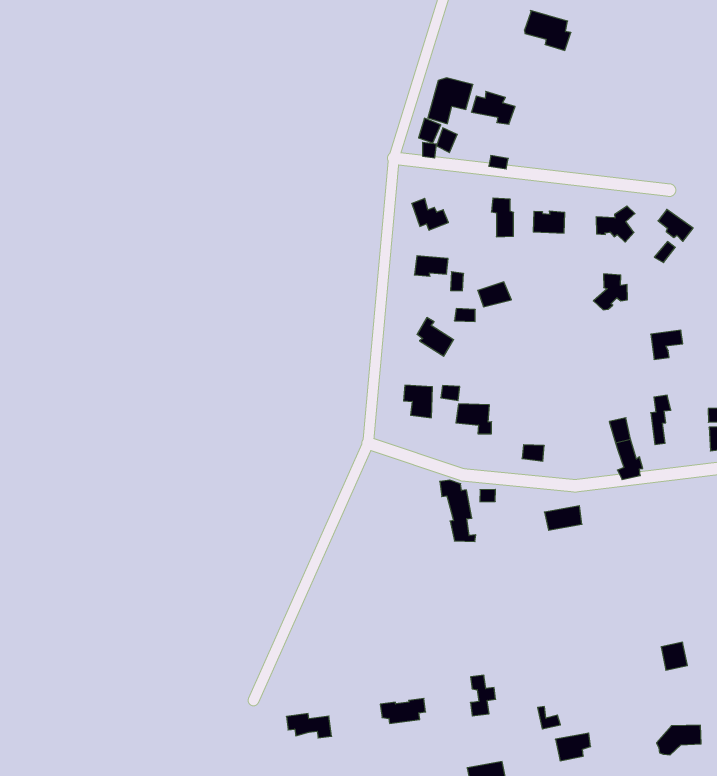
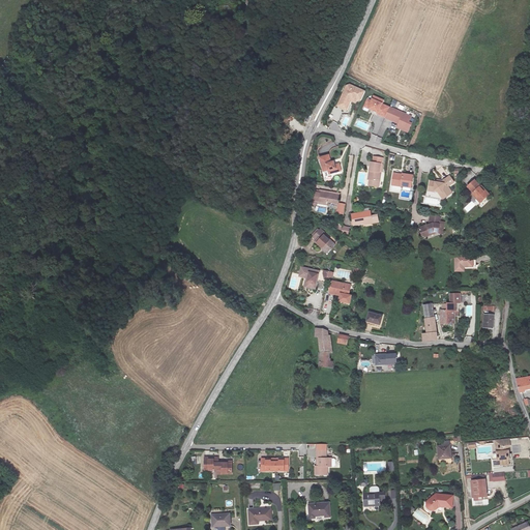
building: [524,11,571,50] -> [385,105,413,131]

